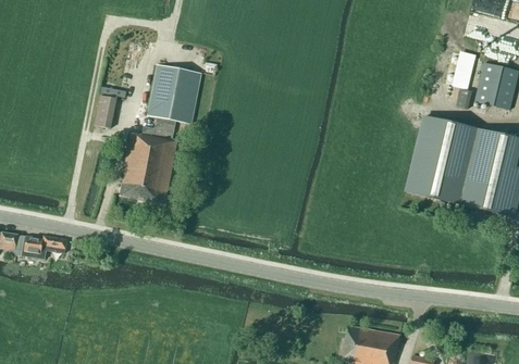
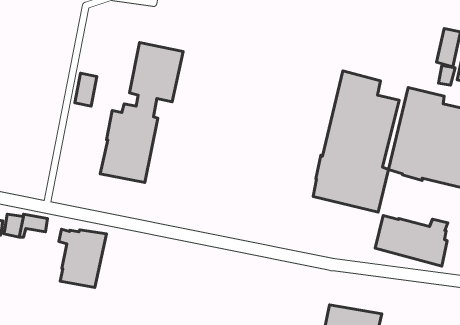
building: none -> [313,71,399,212]
building: none -> [375,215,448,266]
building: none -> [59,229,107,288]

